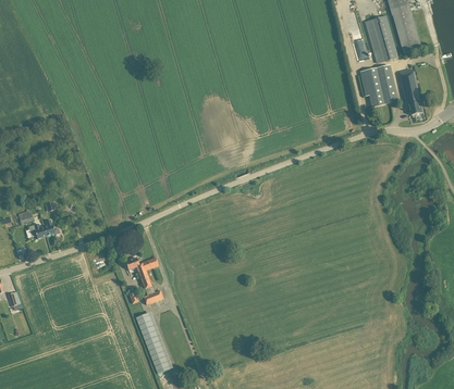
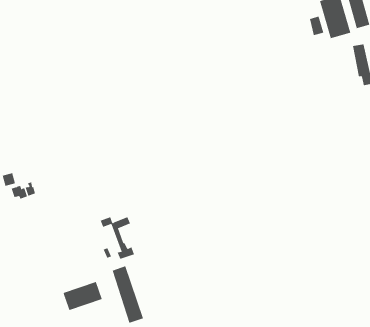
building: [359,65,396,105] -> none
building: none -> [63,281,103,311]

